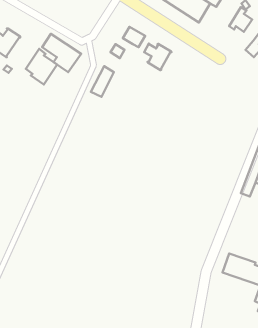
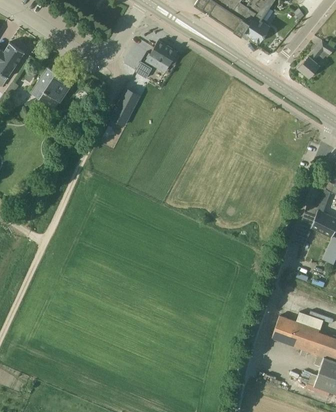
building: [229,7,252,32] -> [242,12,270,42]
building: [42,34,81,72] -> none
building: [144,44,172,70] -> none

